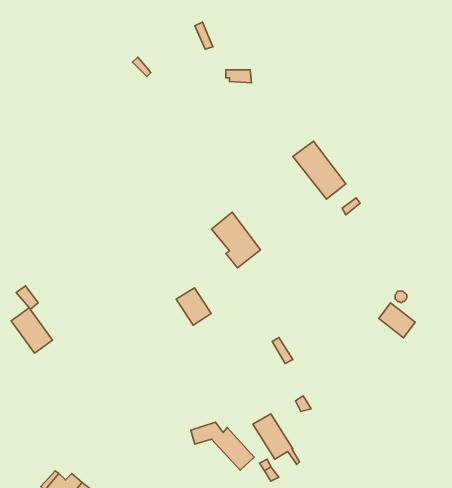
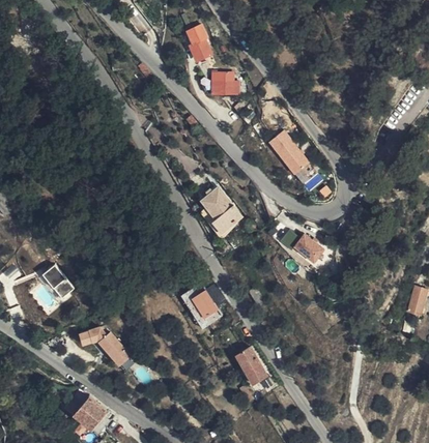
building: [176,288,211,325] -> [190,291,218,321]
building: [379,303,415,338] -> [295,235,324,263]
building: [191,422,254,470] -> [81,327,132,365]

